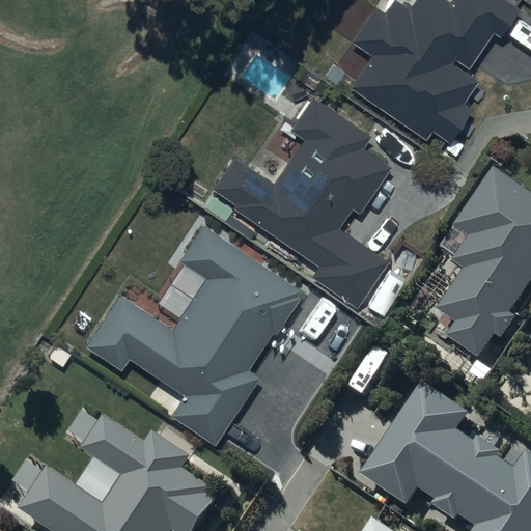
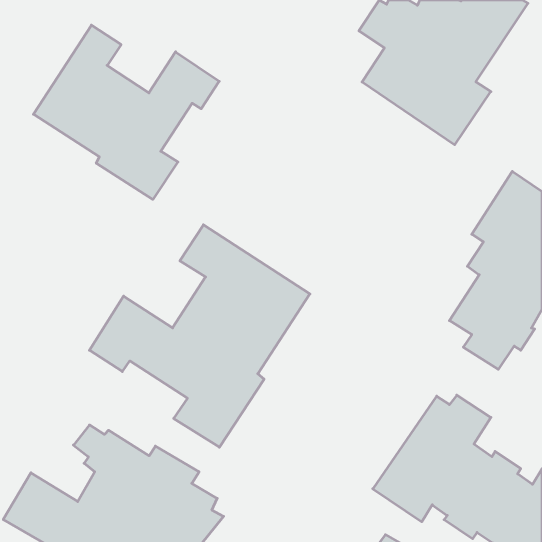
building: none -> [33,25,219,199]
building: [212,96,391,303] -> none

